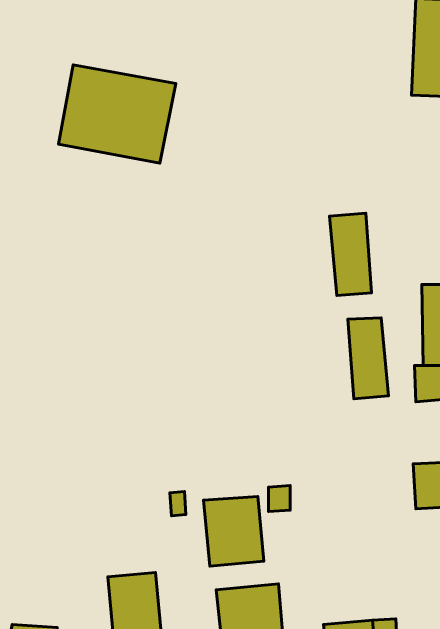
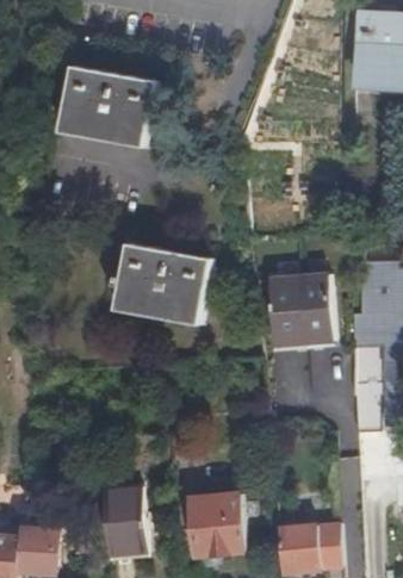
building: [330,213,372,296] -> [267,275,302,343]
building: none -> [113,243,212,324]
building: [204,496,264,566] -> none

